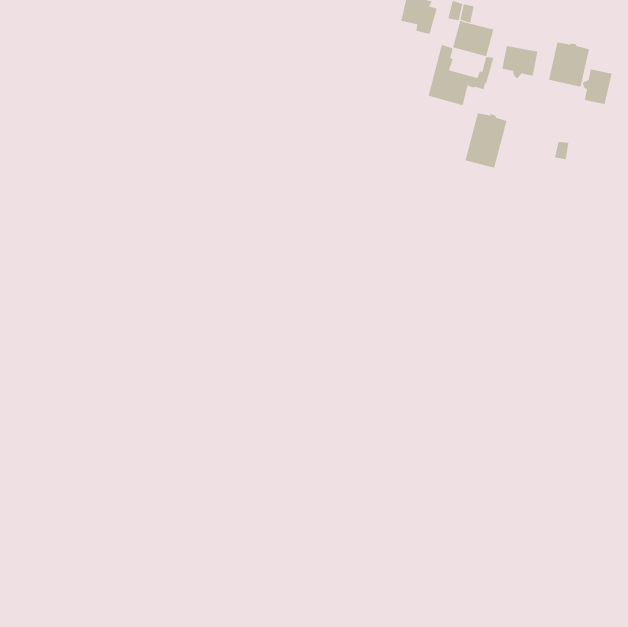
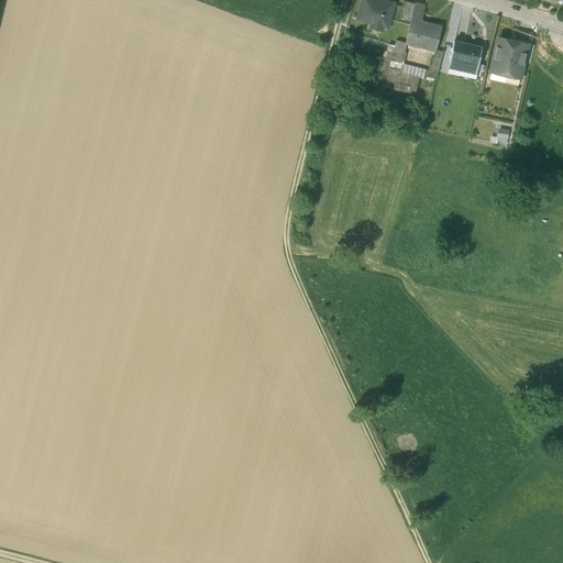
building: [582,68,612,105] -> none
building: [465,112,507,169] -> none

